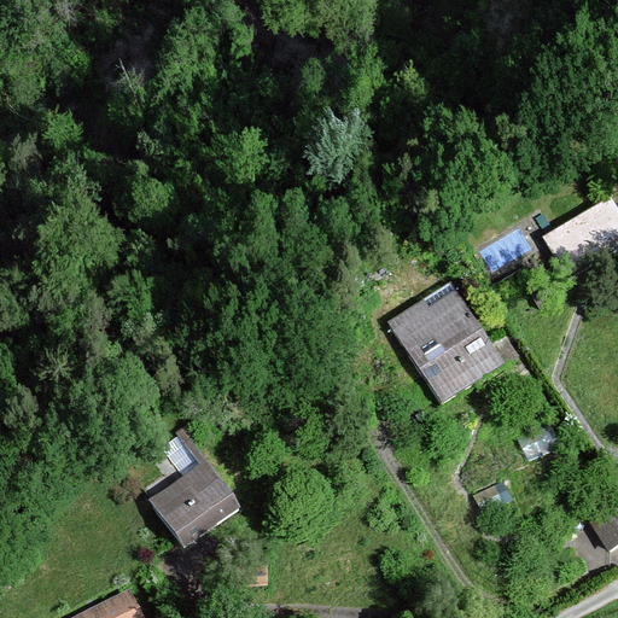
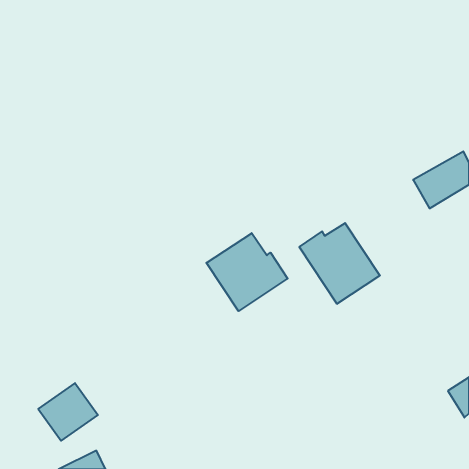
building: none -> [206,233,288,311]
building: [156,465,234,541] -> [38,383,98,441]

